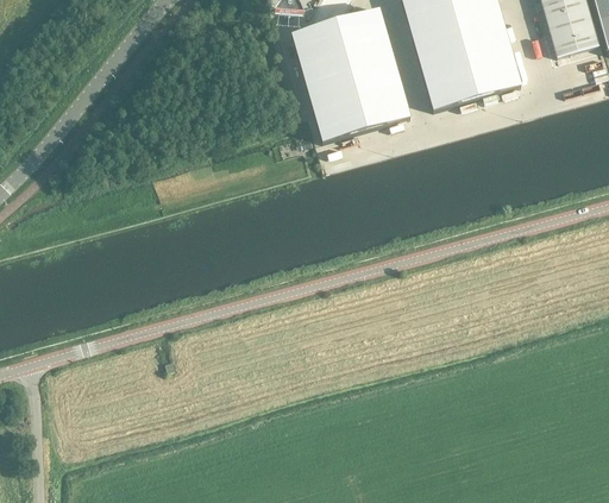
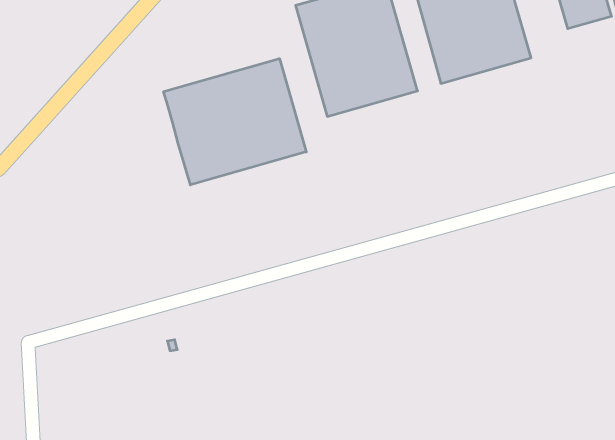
building: none -> [164,59,306,185]

